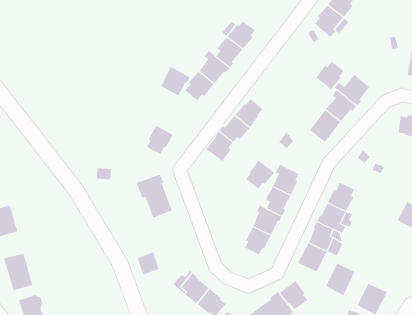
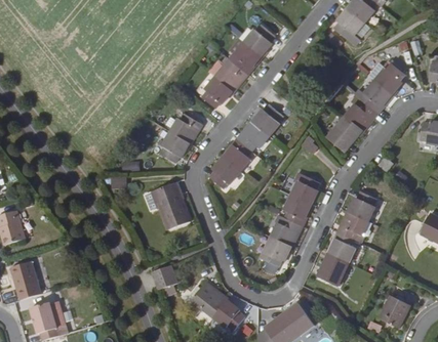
building: [315,60,344,90] -> [374,61,404,92]
building: [161,66,191,96] -> [170,111,201,141]
building: [245,160,275,190] -> [208,156,239,186]
building: [325,263,355,296] -> none
building: [279,280,308,310] -> none

